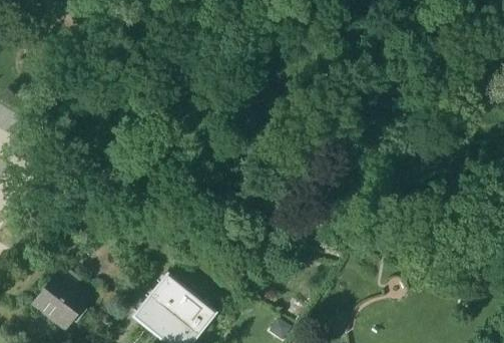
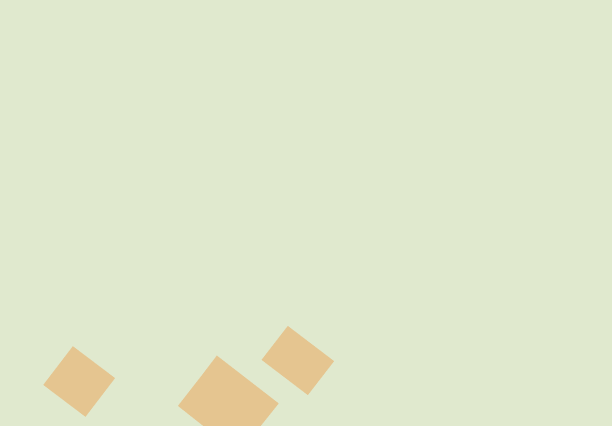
building: none -> [261,325,335,396]

